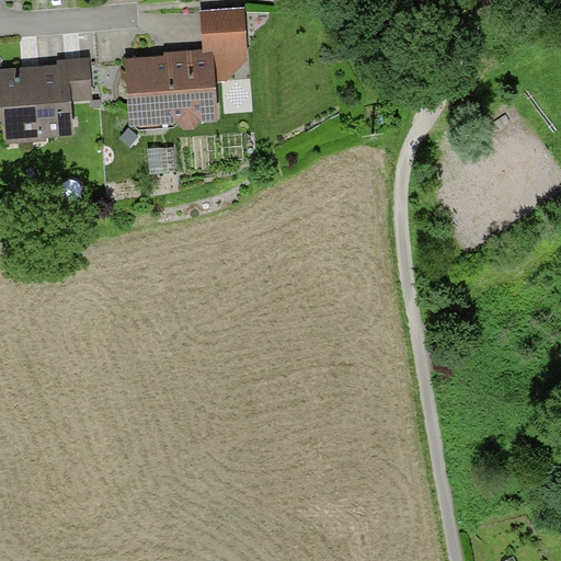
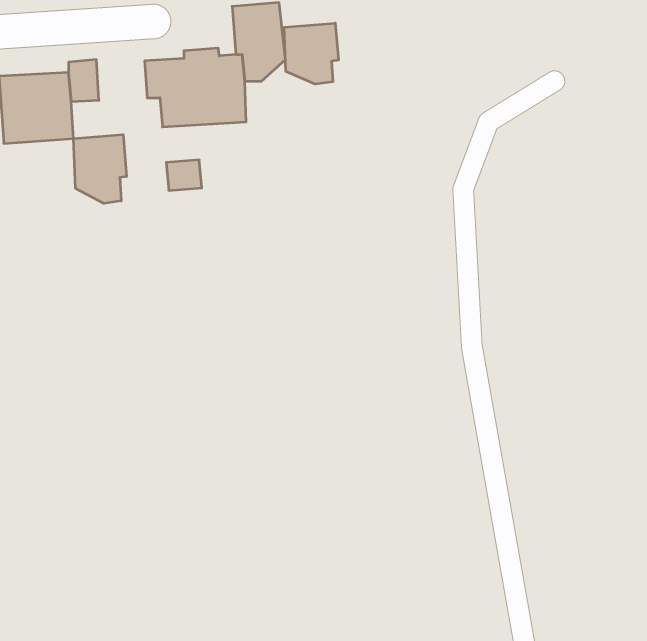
building: none -> [284,23,338,84]
building: none -> [74,135,126,203]

